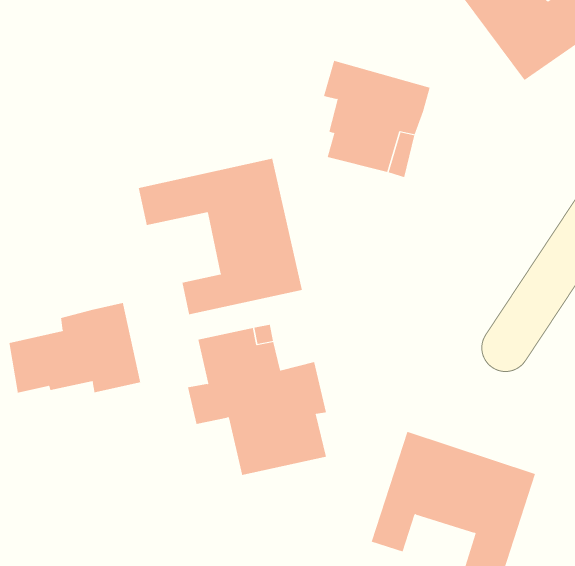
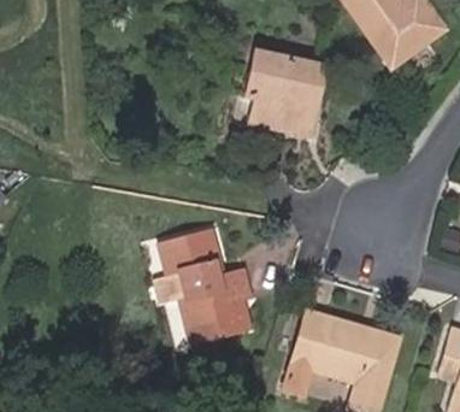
building: [138,158,302,315] -> none
building: [9,302,141,393] -> none

